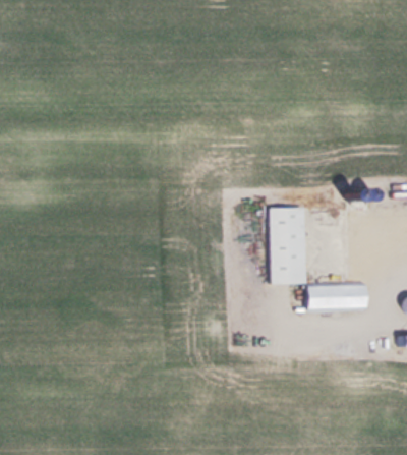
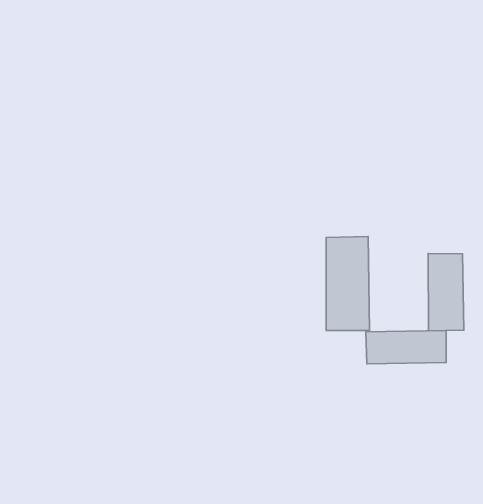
building: none -> [428,253,464,331]

